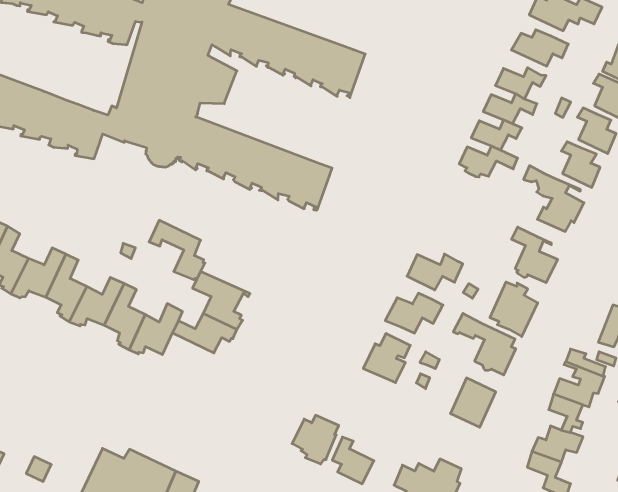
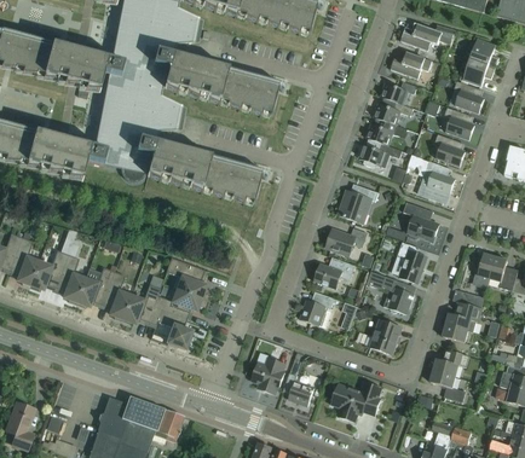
building: none -> [338,182,379,222]
building: [149,220,205,280] -> [148,305,191,347]

